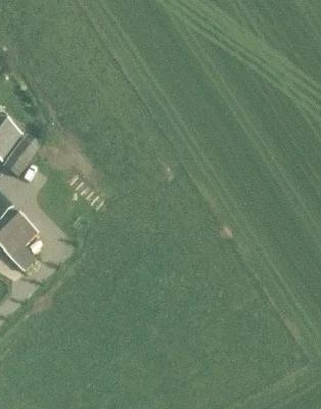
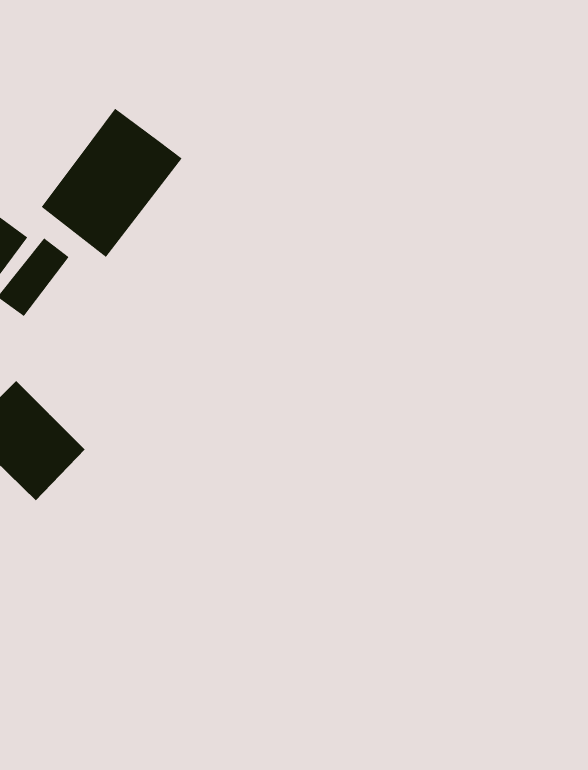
building: none -> [41,108,183,258]

